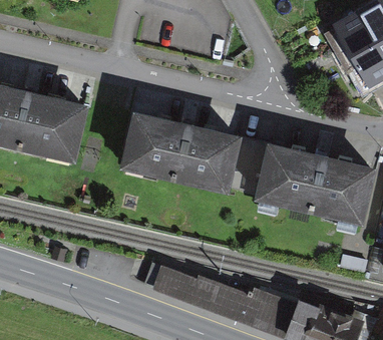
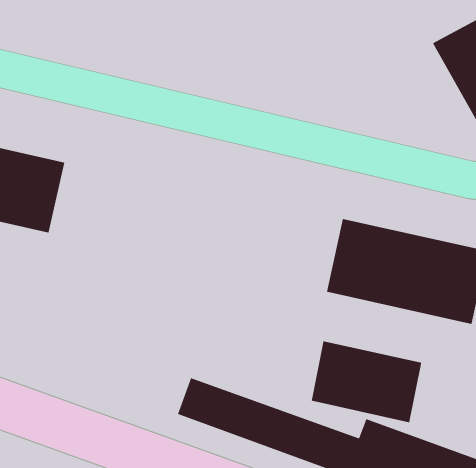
building: [123,120,233,191] -> none
building: none -> [311,340,422,423]

